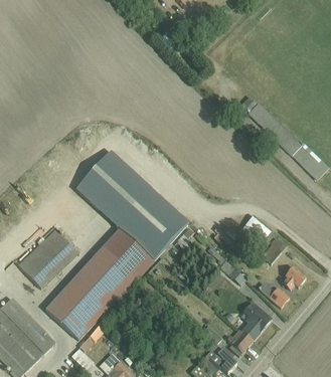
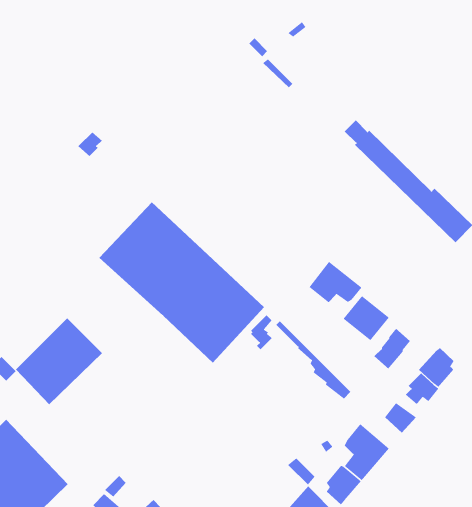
building: none -> [309,261,363,303]
building: [44,228,154,340] -> none
building: none -> [418,347,454,388]

